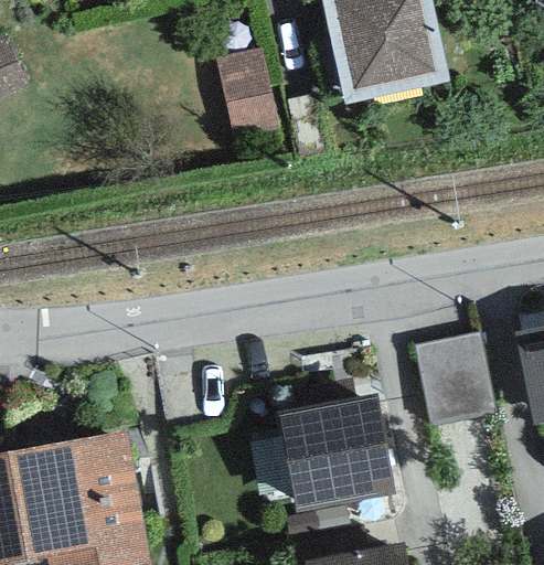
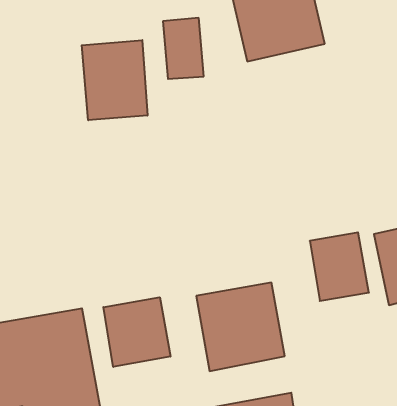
building: none -> [82,40,147,120]
building: none -> [103,297,170,367]

